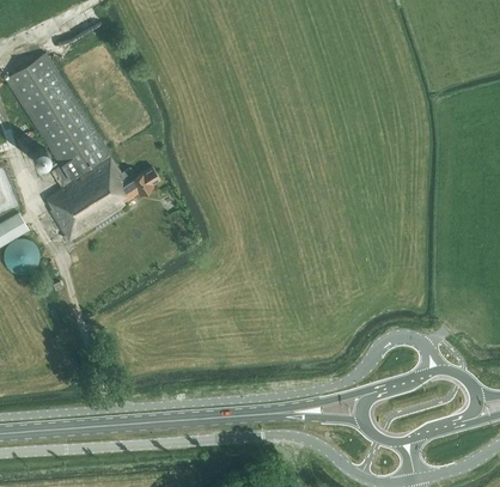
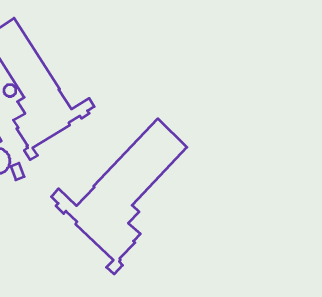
building: none -> [51,119,187,274]

